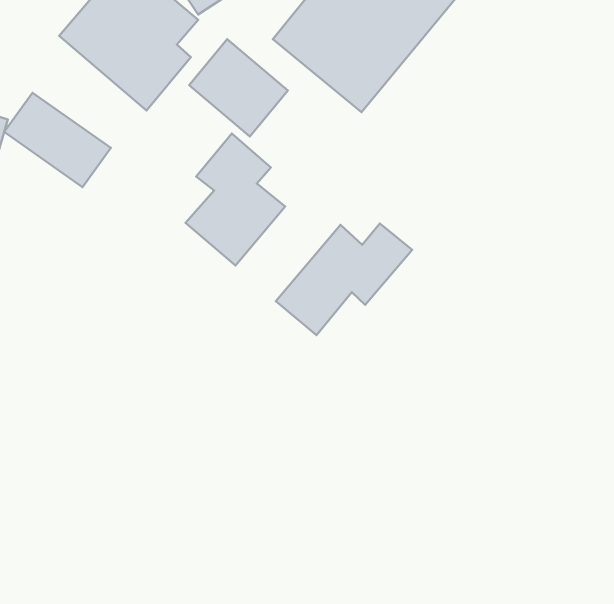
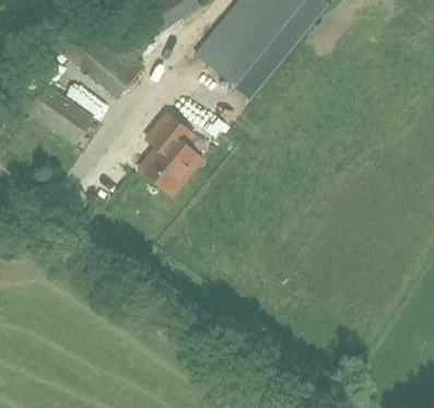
building: [189,39,288,137] -> none
building: [276,223,412,335] -> none

